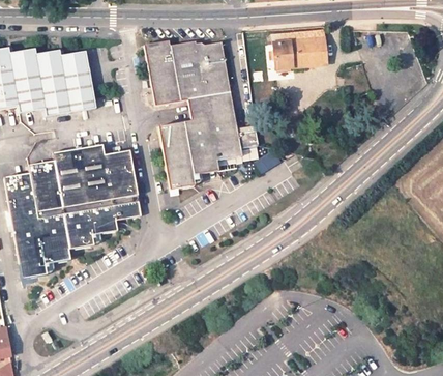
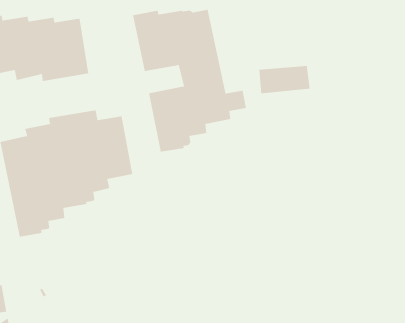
building: [272,38,326,68] -> [259,65,310,94]

